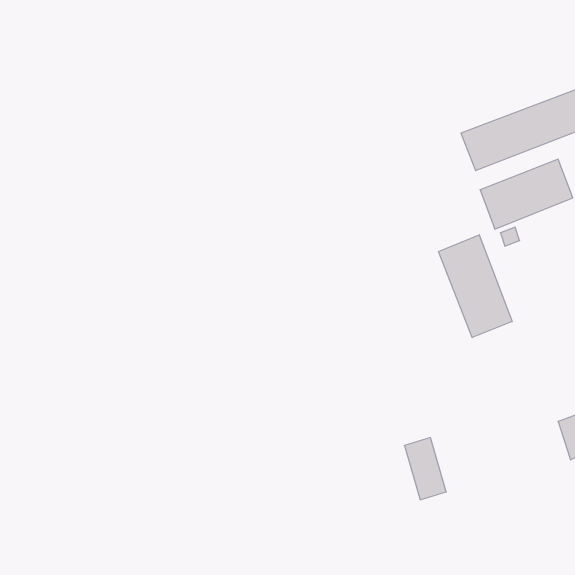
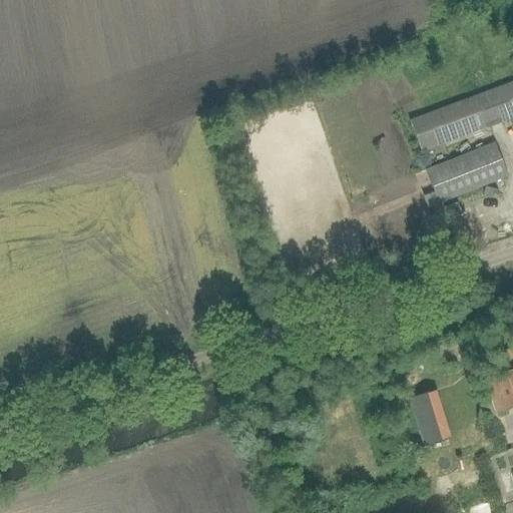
building: [438,235,512,338] -> none
building: [404,438,446,500] -> [412,390,449,445]

